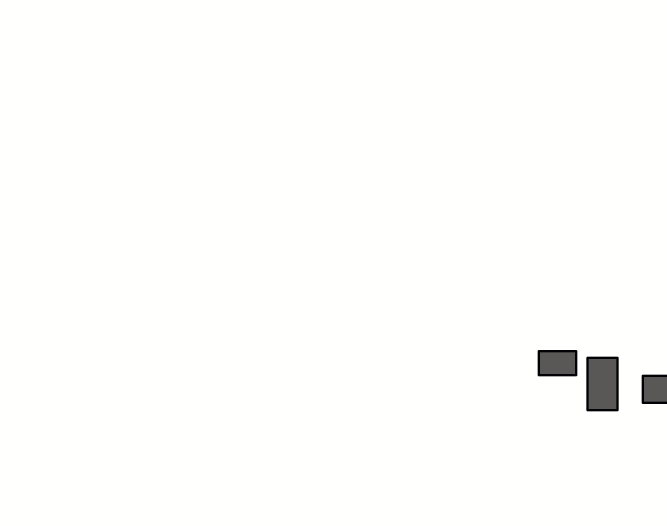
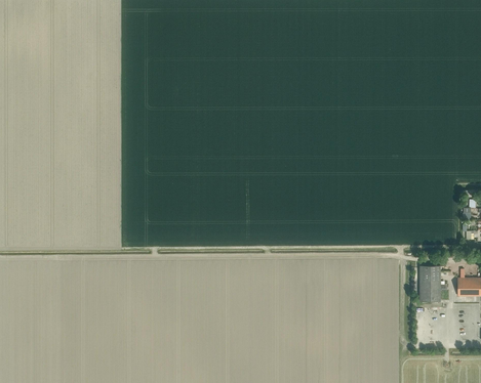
building: [539,351,576,375] -> none

